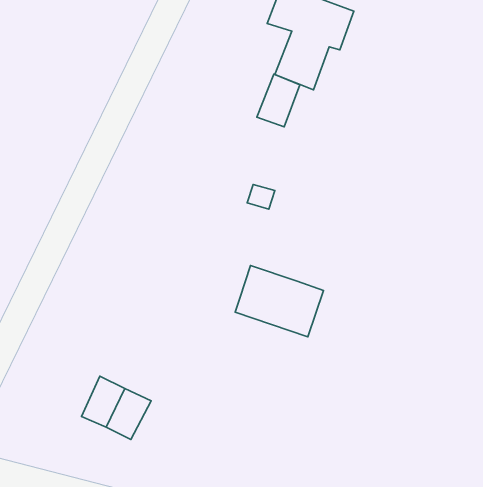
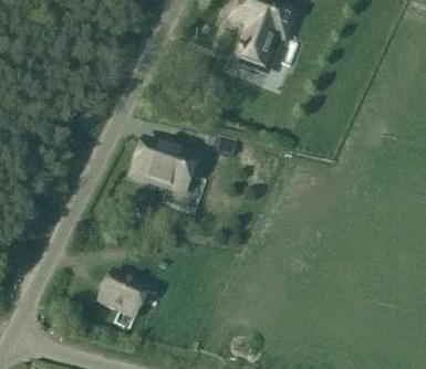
building: [257,74,300,127] -> none
building: [235,266,323,337] -> [132,144,195,194]

